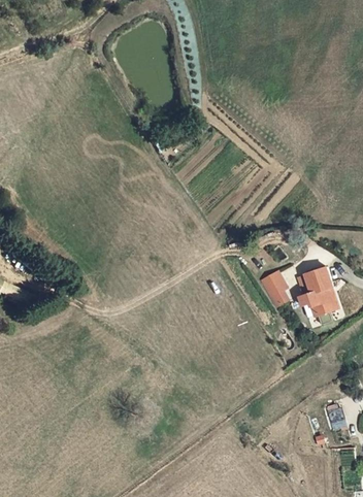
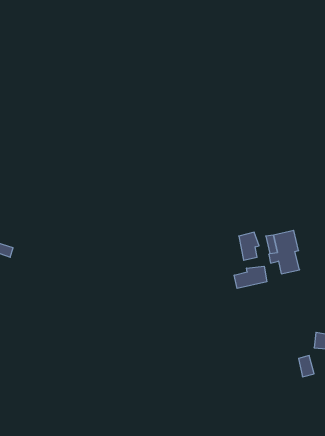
building: none -> [234,266,267,288]

